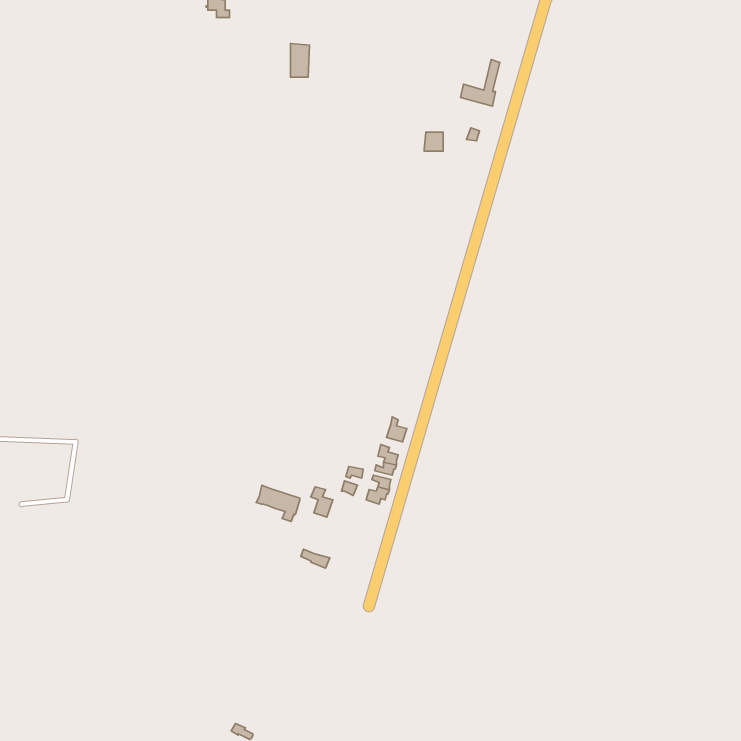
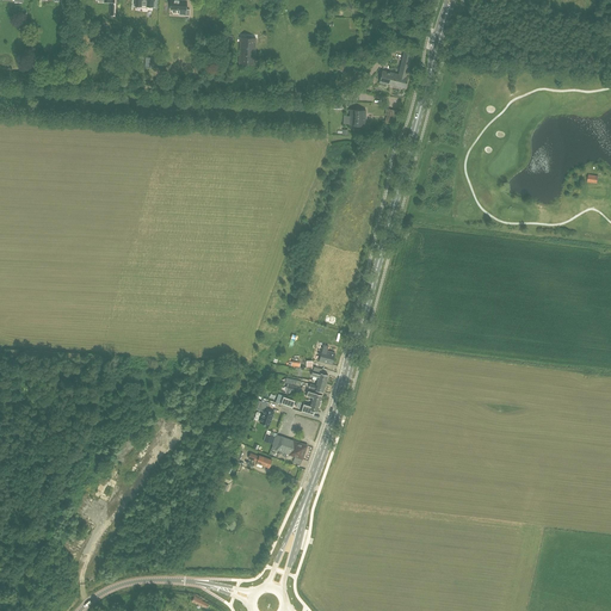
building: [256,485,300,522] -> [270,433,306,463]

